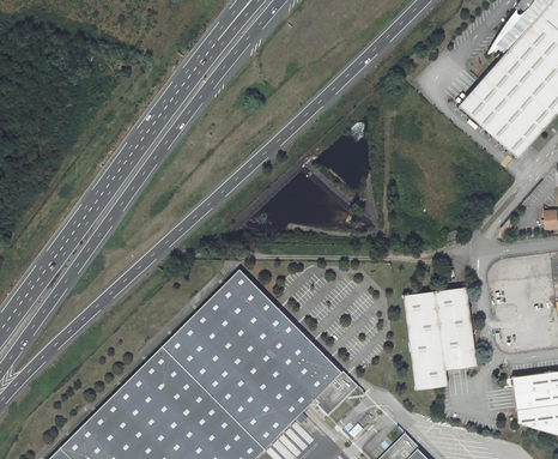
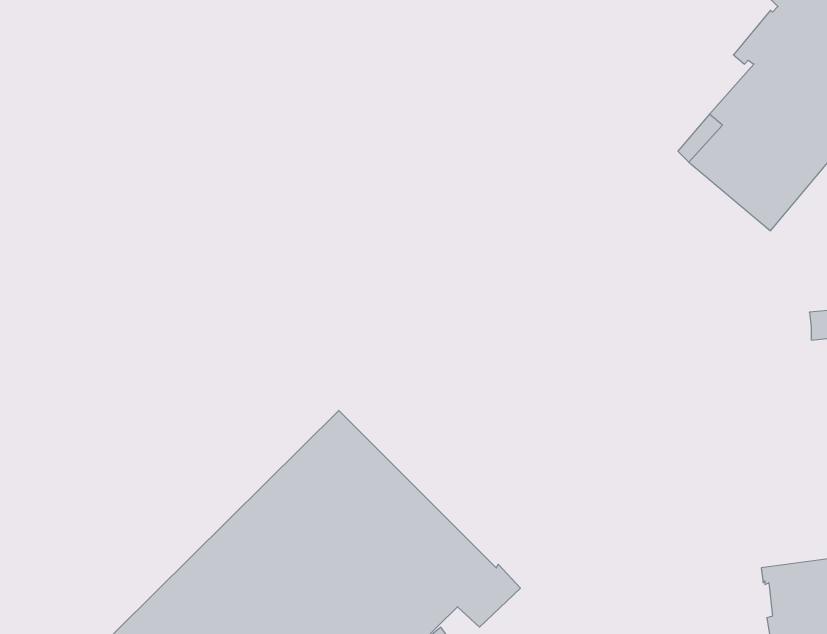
building: [402,286,477,389] -> none

